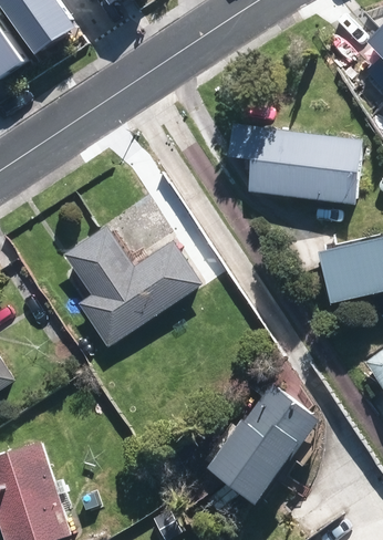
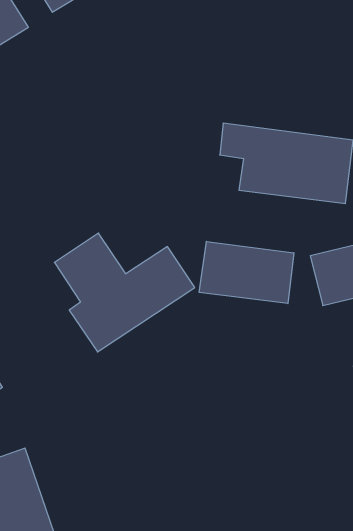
building: none -> [199,241,294,304]
building: [214,387,330,510] -> none

